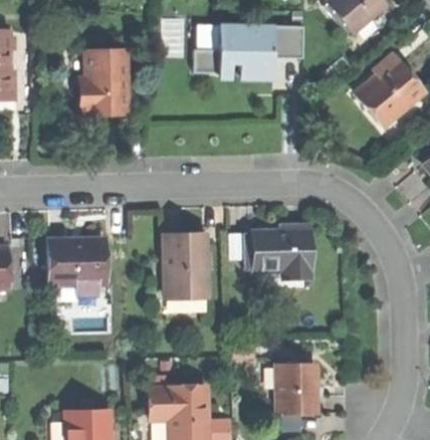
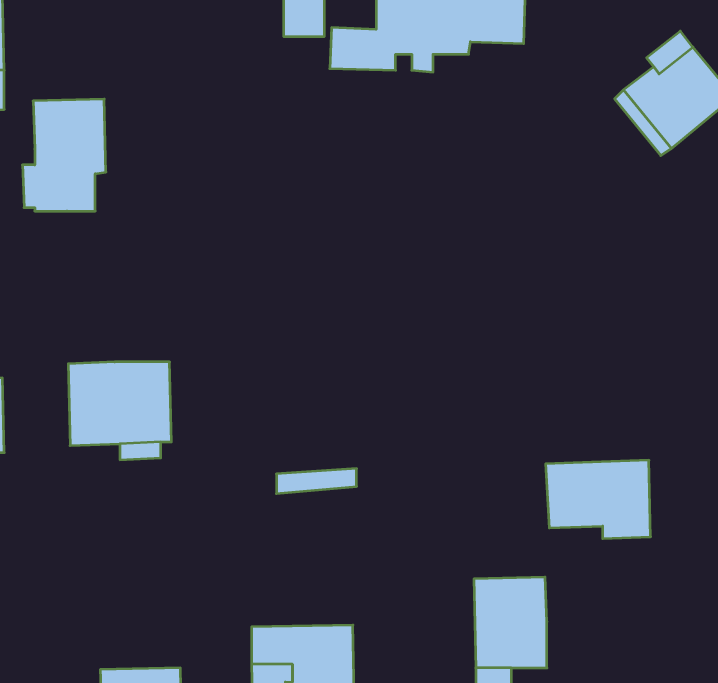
building: [80,50,128,114] -> [22,99,106,211]
building: [251,230,310,274] -> [546,460,651,539]
building: [164,233,207,296] -> none

